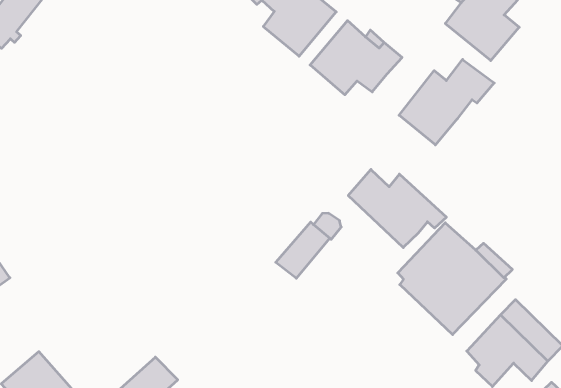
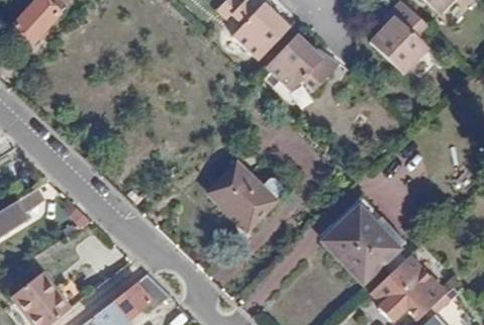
building: [399,59,494,145] -> none
building: [348,169,446,248] -> none
building: none -> [207,166,259,217]

